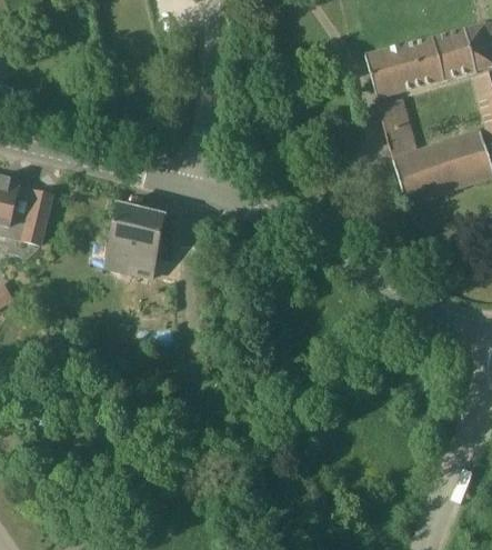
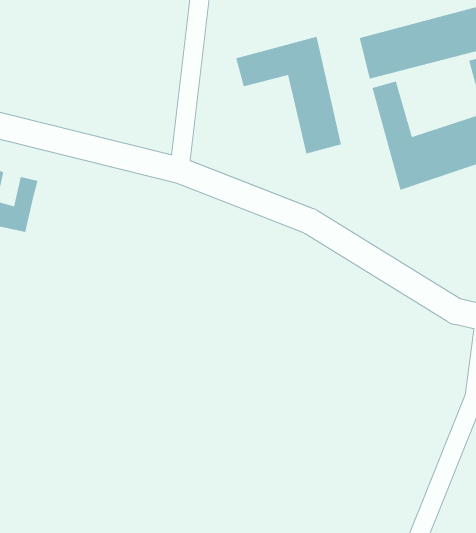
building: none -> [235,36,342,155]
building: [103,202,165,276] -> none

